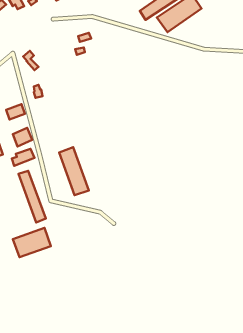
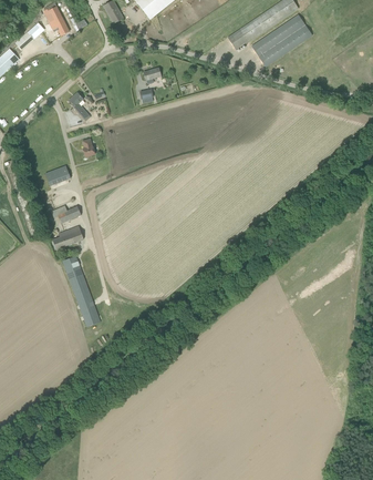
building: [59,147,89,195] -> none
building: [13,228,51,257] -> none

